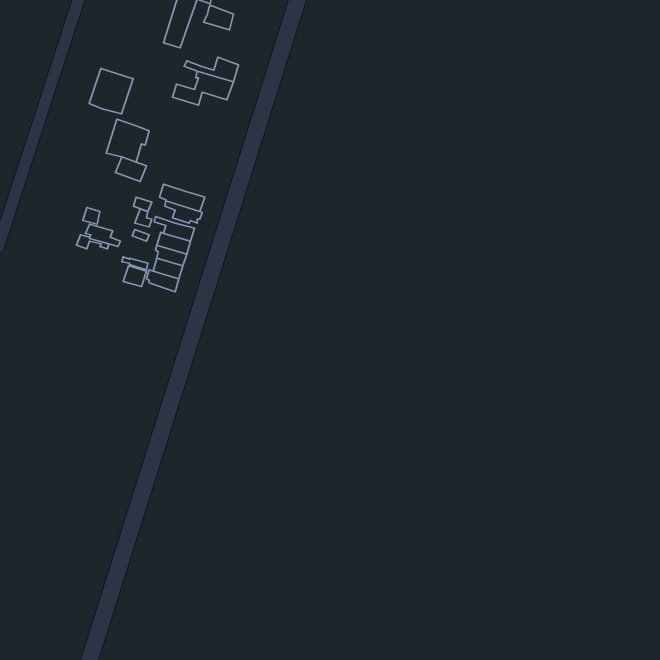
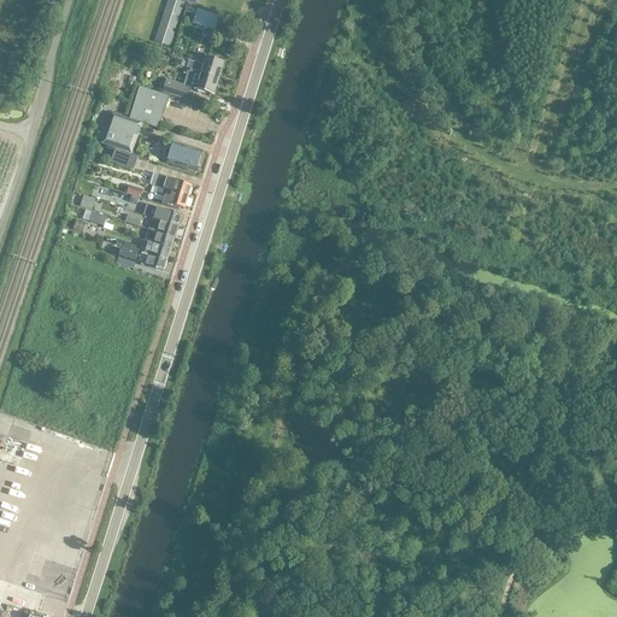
building: [89,69,133,114] -> [127,84,168,127]
building: none -> [161,141,200,170]

